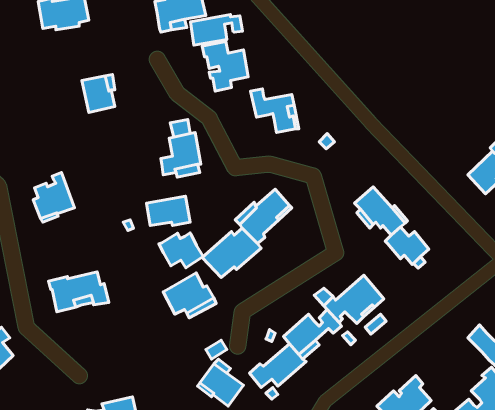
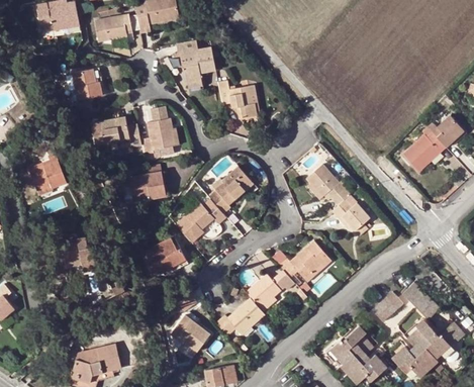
building: [190,15,242,45] -> [95,15,139,41]
building: none -> [91,117,141,147]
building: [159,233,203,268] -> none
building: none -> [372,292,402,322]

